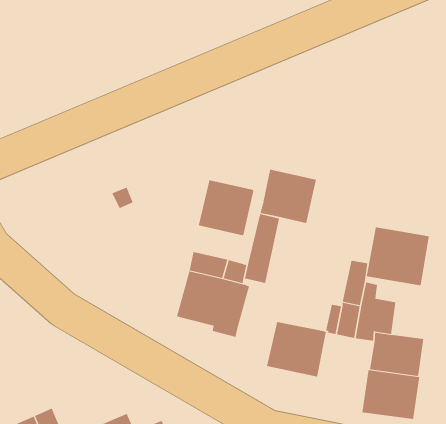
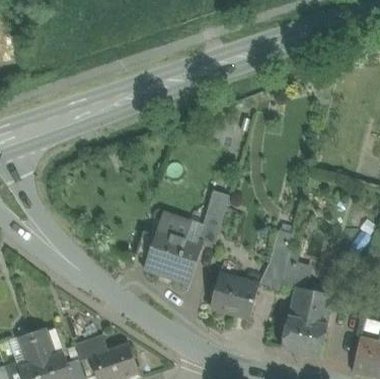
building: [260,169,317,224] -> none
building: [198,179,254,236] -> none
building: [366,227,430,286] -> none

